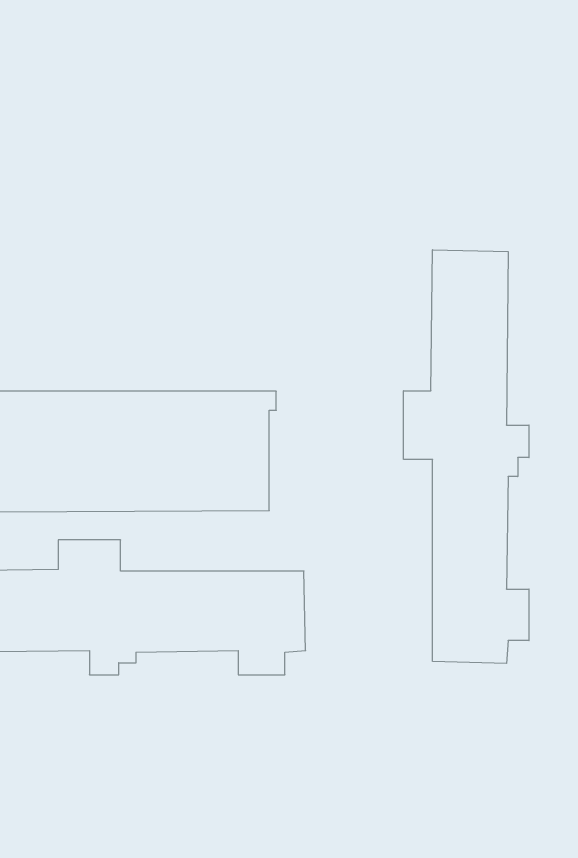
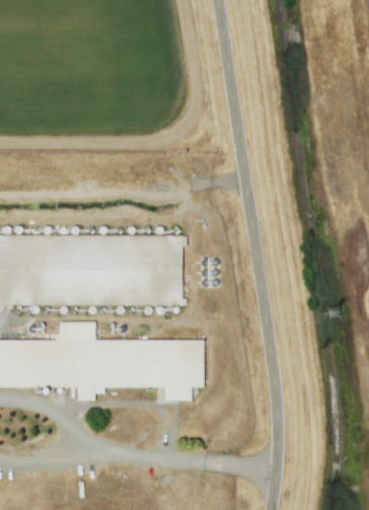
building: [404,250,529,663] -> none

